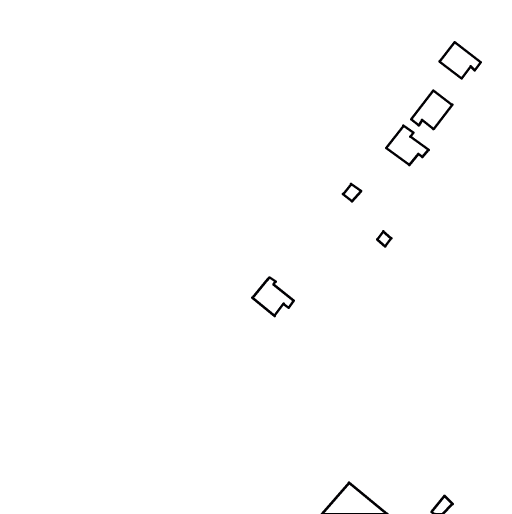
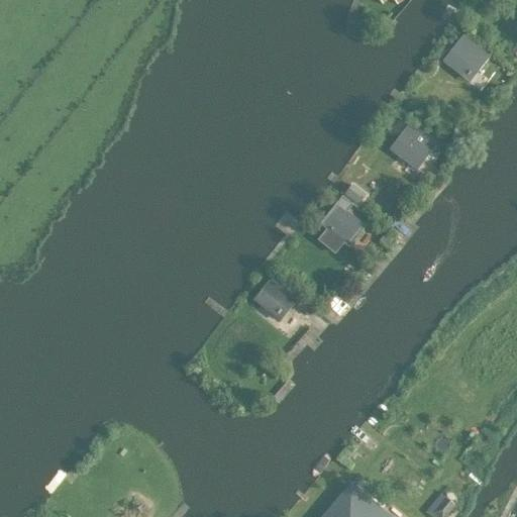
building: [411,91,452,129] -> none
building: none -> [321,198,366,252]

